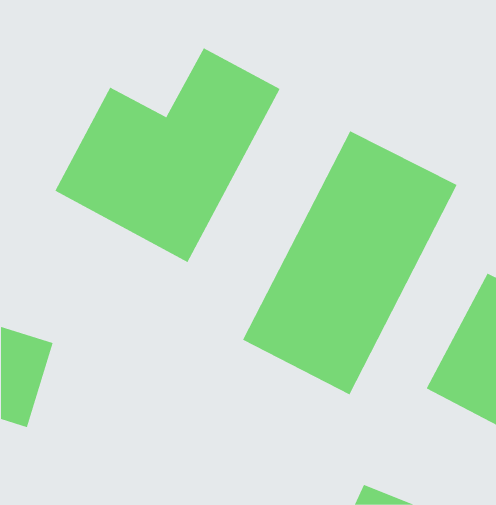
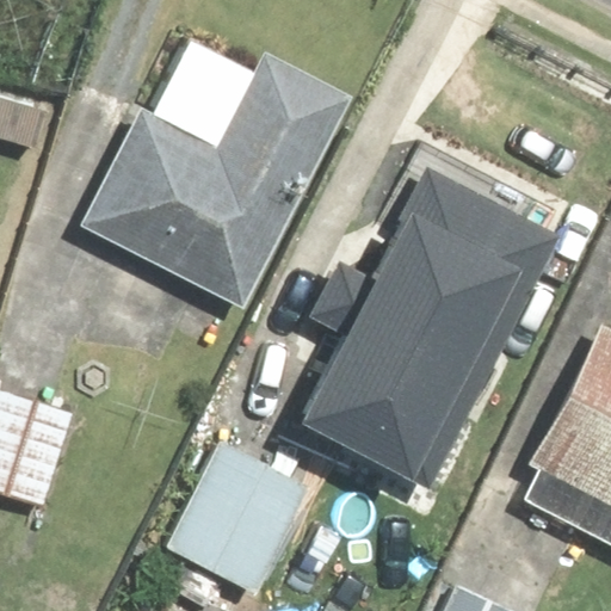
building: none -> [161,438,309,601]

